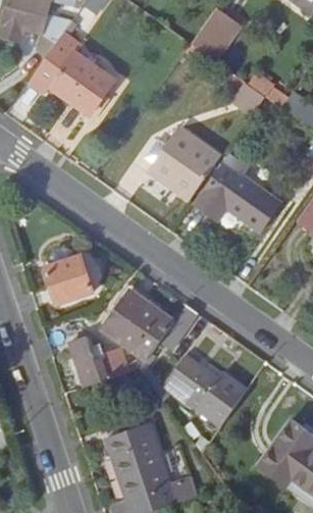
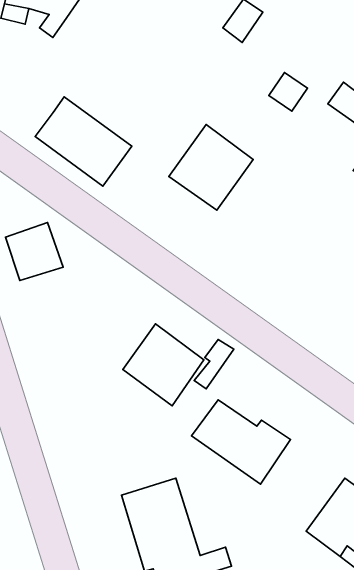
building: [33,36,114,111] -> [35,97,132,186]
building: [194,152,278,228] -> none
building: [44,257,93,306] -> [5,223,63,280]
building: [71,338,132,387] -> none

